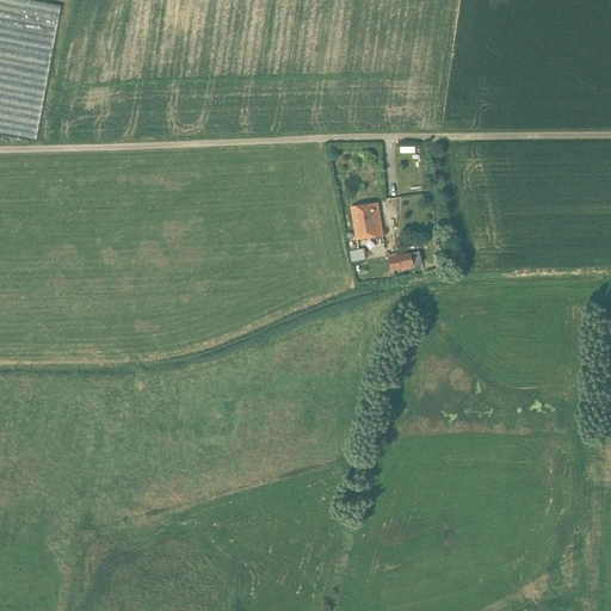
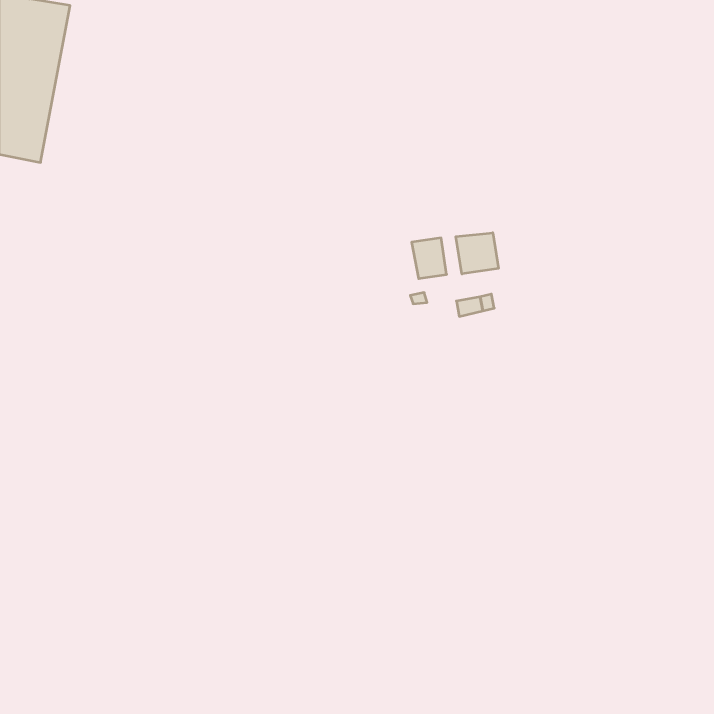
building: none -> [456,233,498,274]

